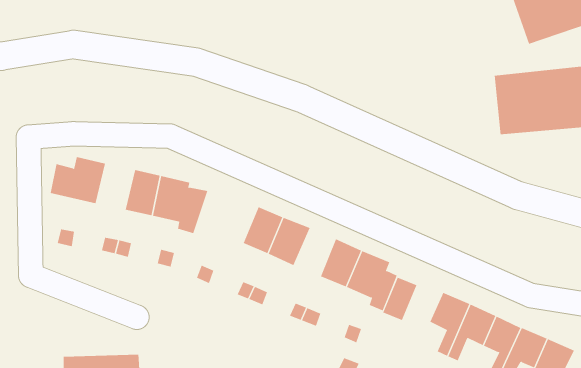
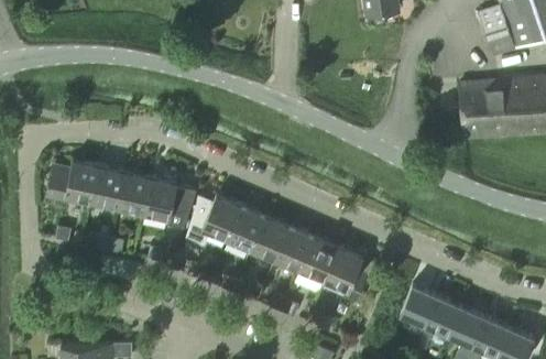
building: none -> [92,166,128,209]
building: none -> [187,195,242,246]
building: none -> [275,226,314,271]
building: [382,277,417,321] -> none

